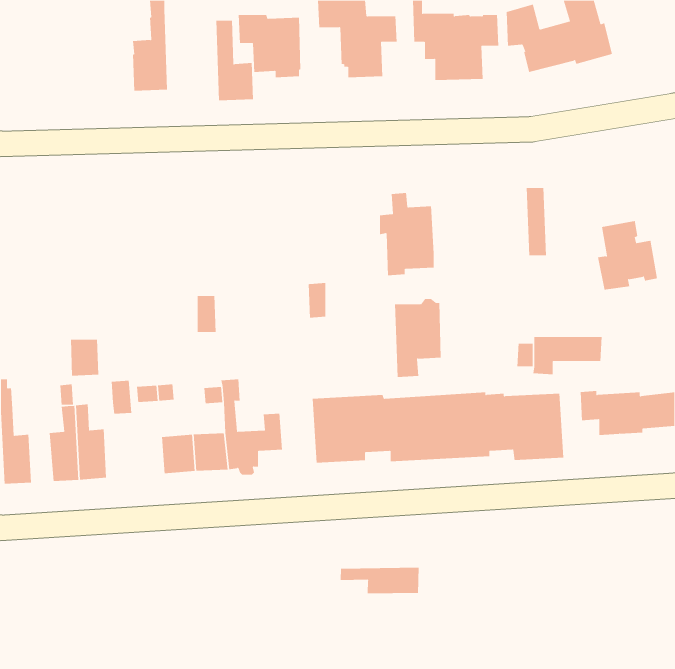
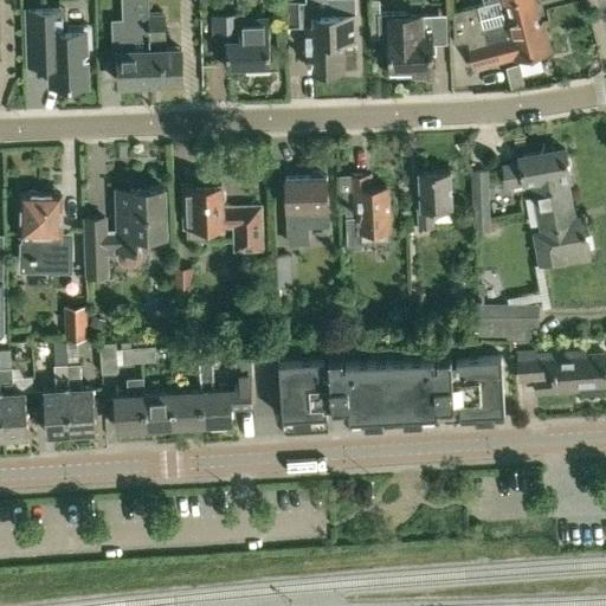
building: none -> [25,13,94,95]
building: [216,20,254,101] -> [148,13,182,85]
building: none -> [504,150,570,208]
building: none -> [418,173,452,231]
building: none -> [185,186,265,256]
building: none -> [86,189,166,278]
building: none -> [20,195,72,275]
building: [394,298,442,378] -> [285,175,328,246]
building: none -> [115,381,147,431]
building: [340,567,419,594] -> none

